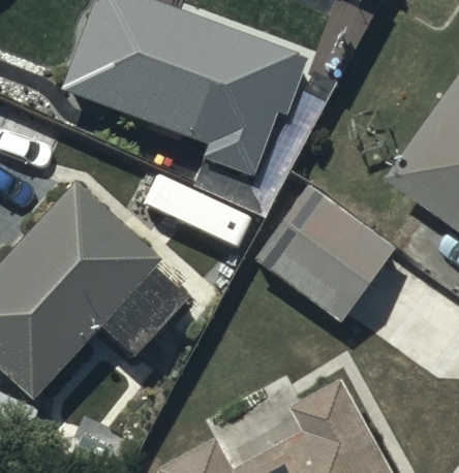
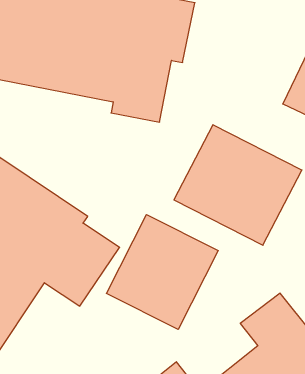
building: none -> [106,215,218,329]

